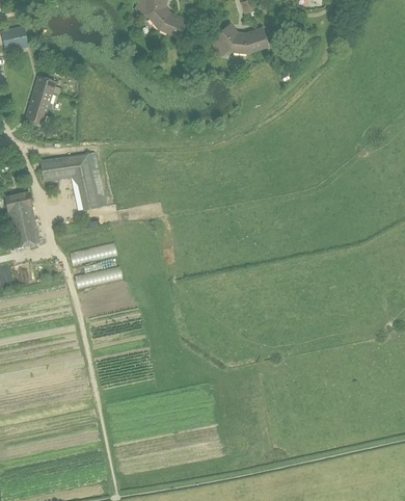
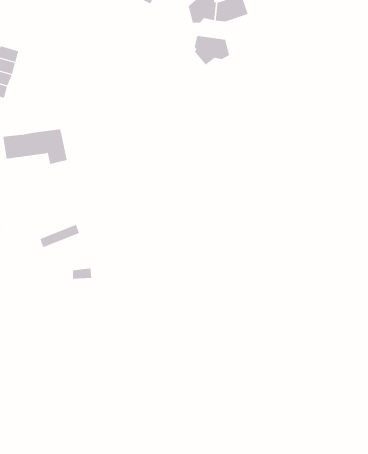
building: none -> [194,35,230,66]
building: [83,181,105,209] -> none

